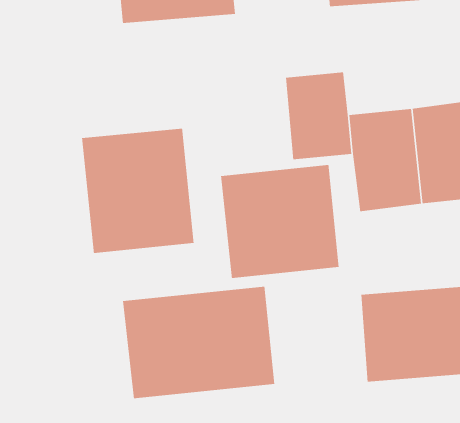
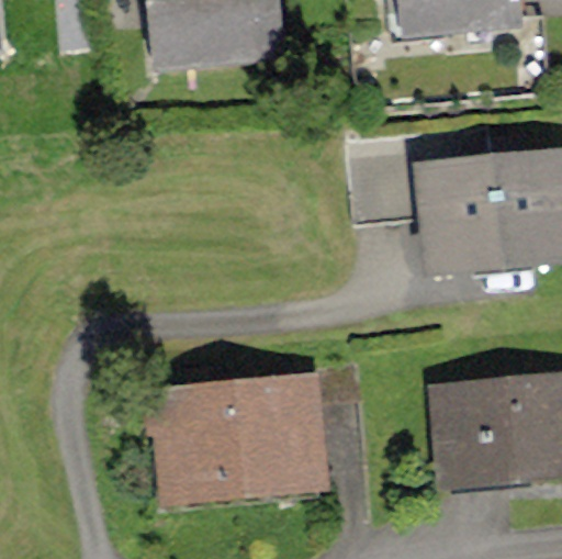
building: [82,128,194,254] -> none
building: [221,164,339,279] -> none

